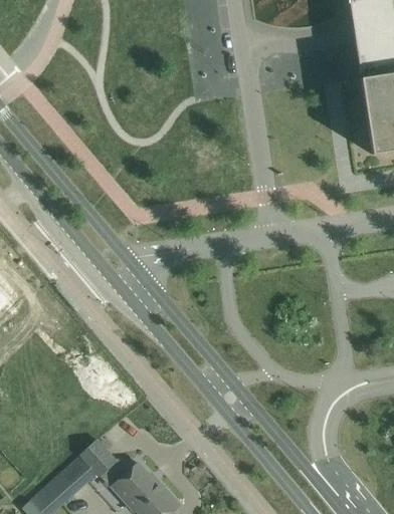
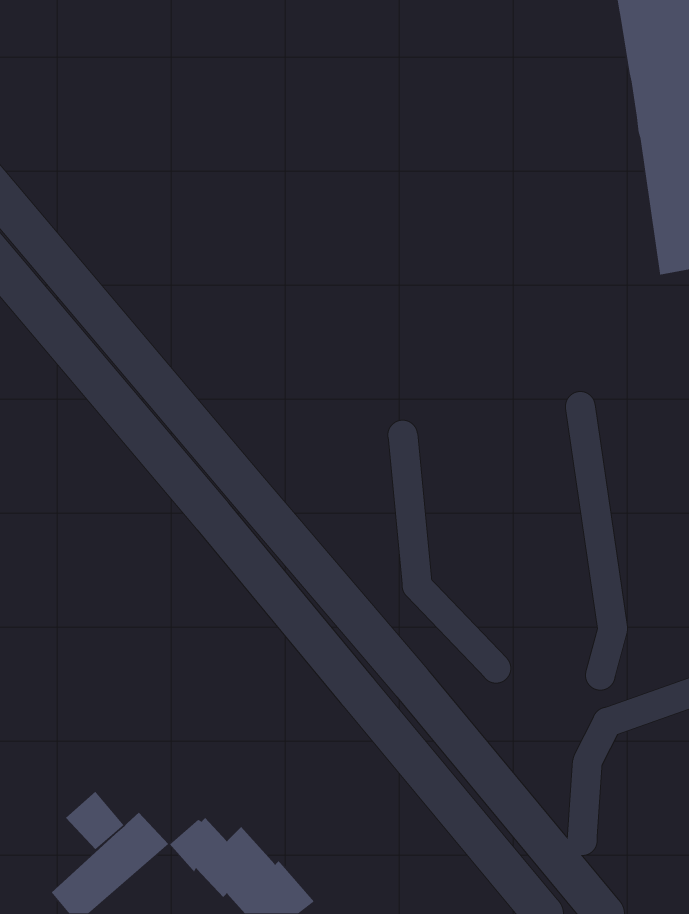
building: [80,441,114,474] -> [65,791,124,850]

